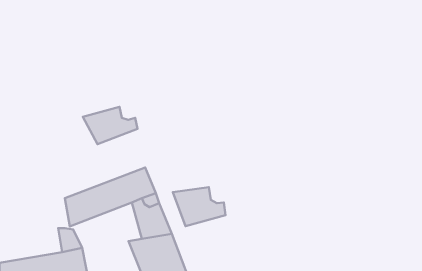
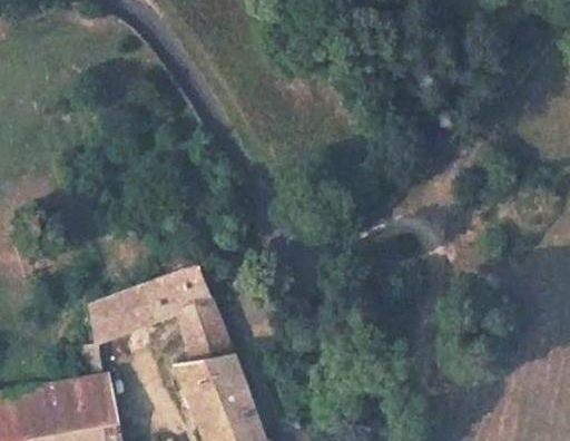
building: [83,107,138,144] -> none
building: [173,187,226,226] -> none

